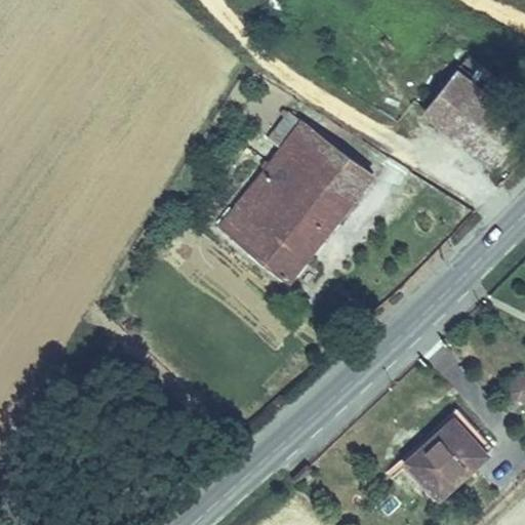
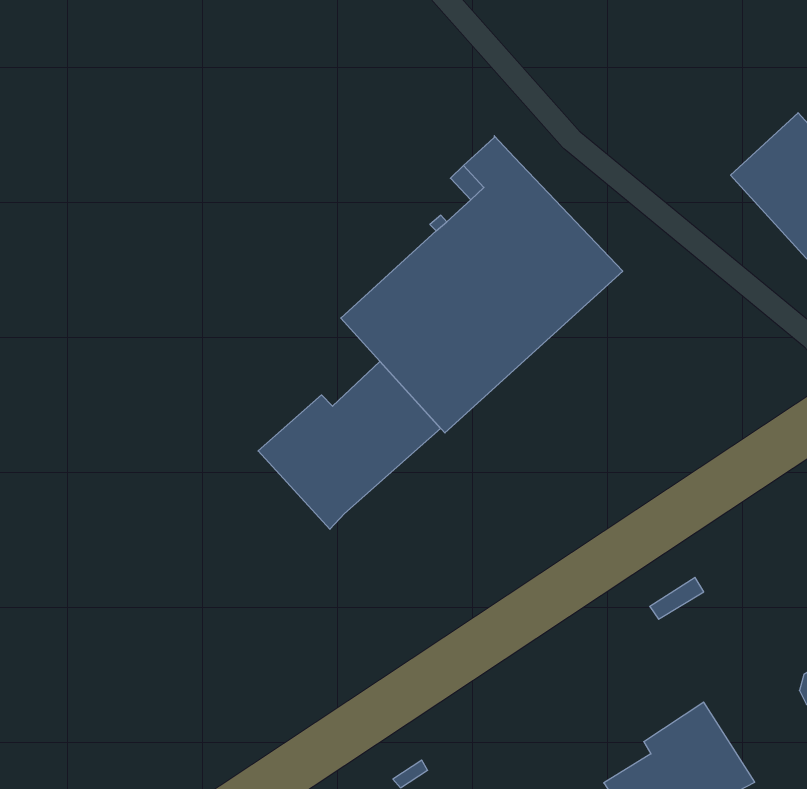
building: none -> [258,362,441,529]

